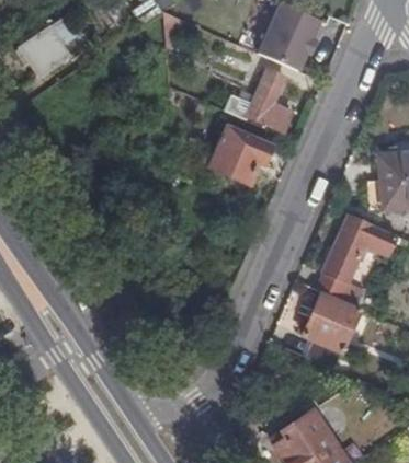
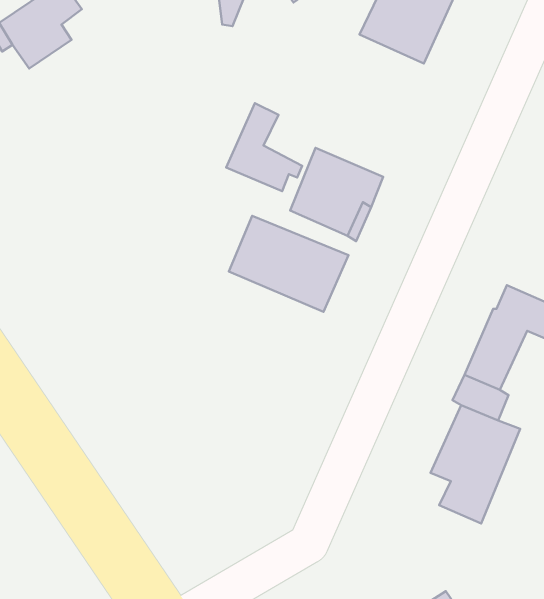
building: [249,73,298,130] -> [226,103,302,191]
building: none -> [229,216,348,312]

